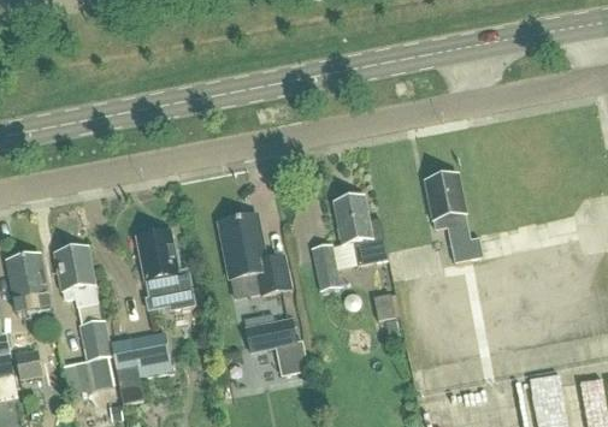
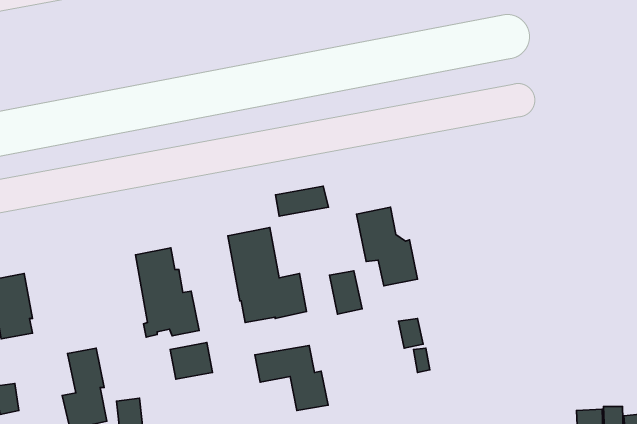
building: [425,173,483,262] -> none
building: none -> [276,186,328,216]
building: [55,248,96,307] -> none
building: [129,331,166,363] -> [170,343,212,379]

